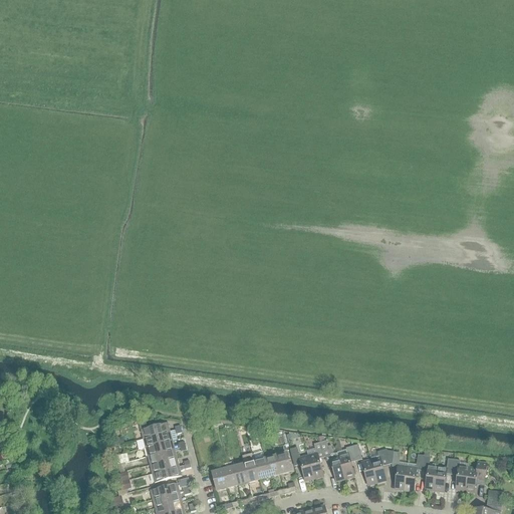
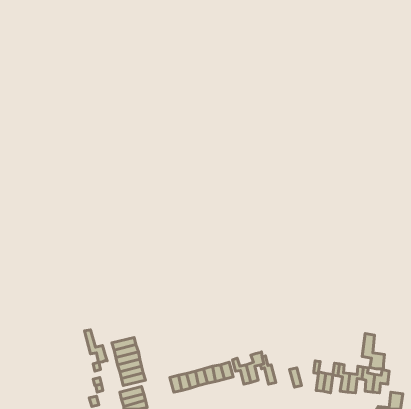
building: none -> [85,330,107,362]
building: none -> [362,333,384,370]
building: [338,443,361,477] -> none
building: [370,448,394,481] -> none

